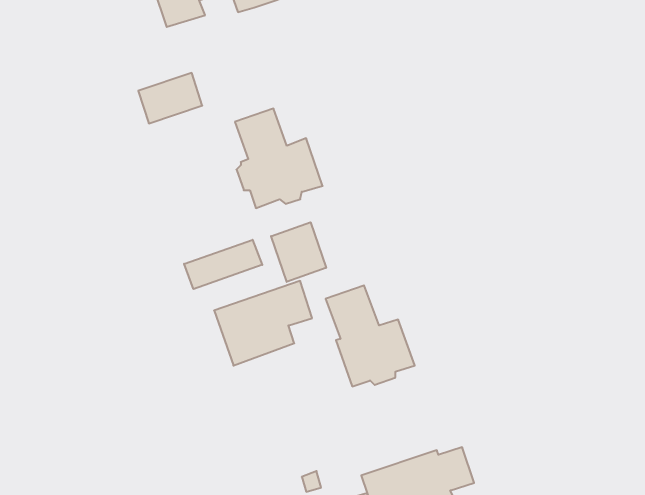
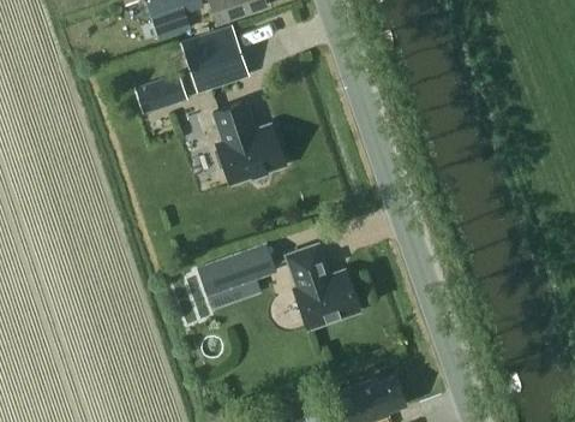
building: none -> [180,24,248,93]
building: [271,222,326,282] -> none
building: [184,240,262,289] -> none

